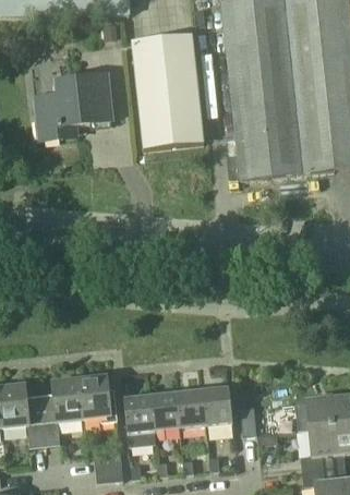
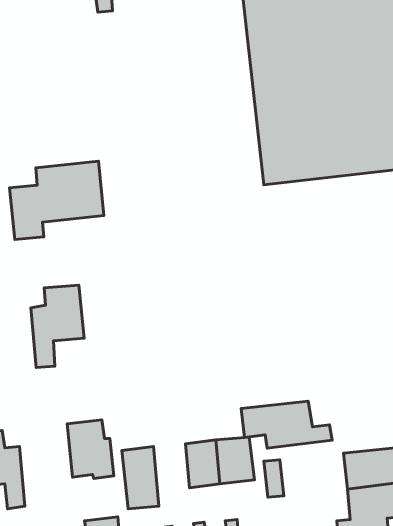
building: [131,36,204,150] -> none
building: [35,75,112,140] -> [9,161,104,240]
building: none -> [241,401,332,448]
building: [40,376,84,444] -> [31,285,84,368]
building: [150,393,180,444] -> none

